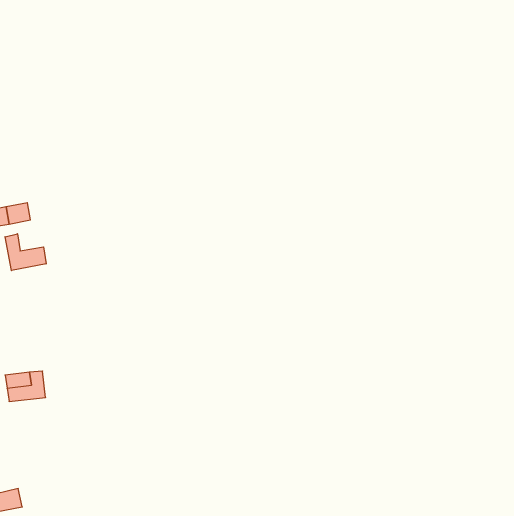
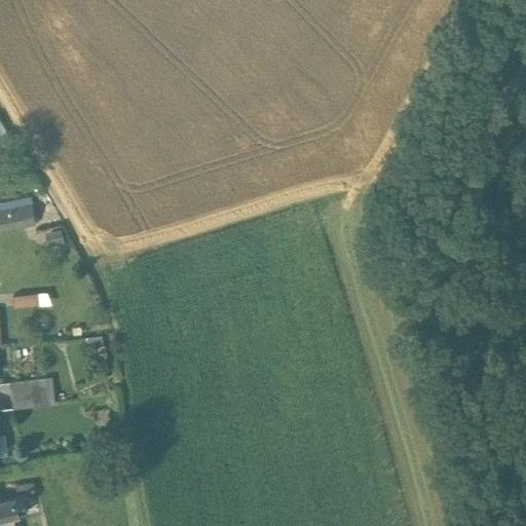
building: [5,234,46,271] -> none

